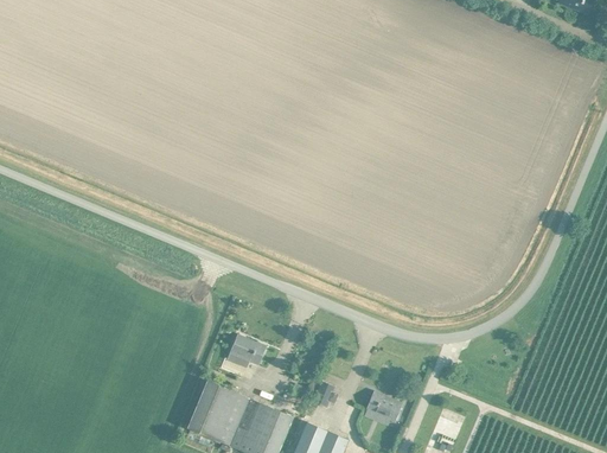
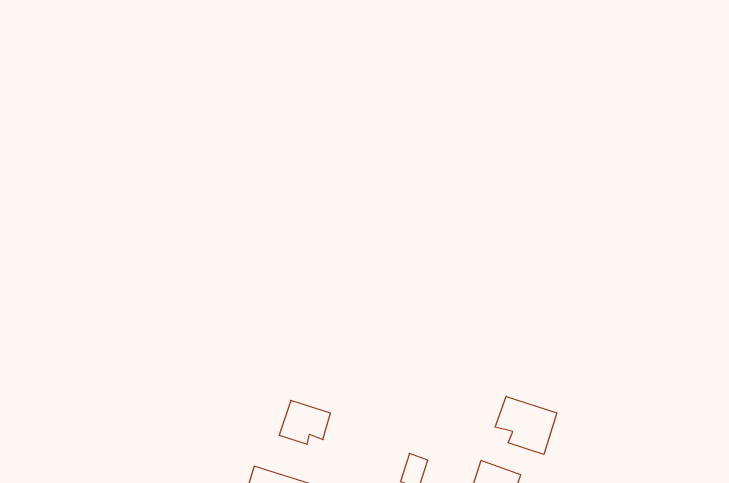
building: none -> [495,396,557,454]

